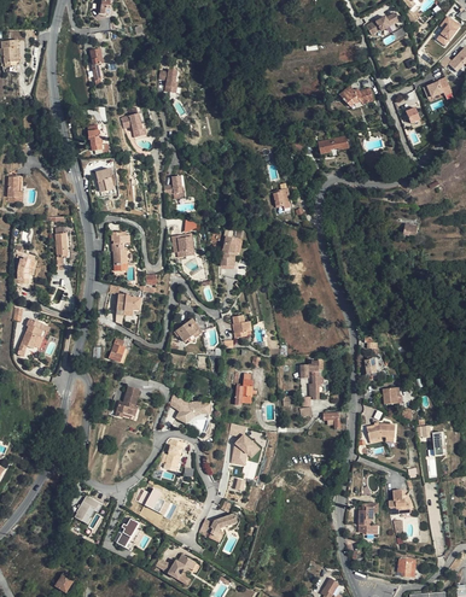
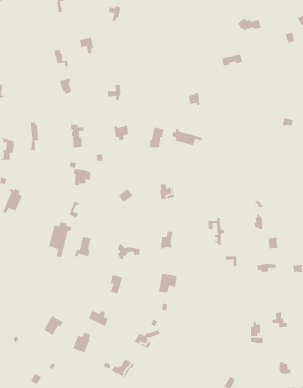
building: none -> [172,128,203,146]
building: none -> [48,222,72,258]

